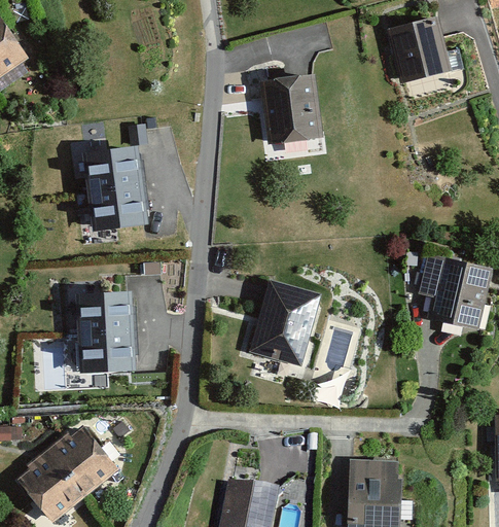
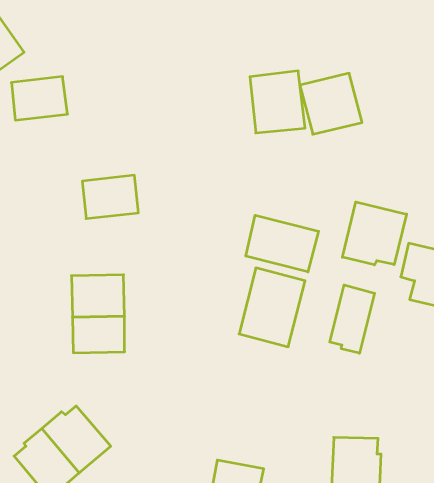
building: [385,17,450,81] -> [300,73,362,134]
building: [83,146,142,191] -> [11,77,68,120]
building: none -> [342,202,407,265]
building: none -> [246,215,319,272]
building: none -> [330,285,375,353]

